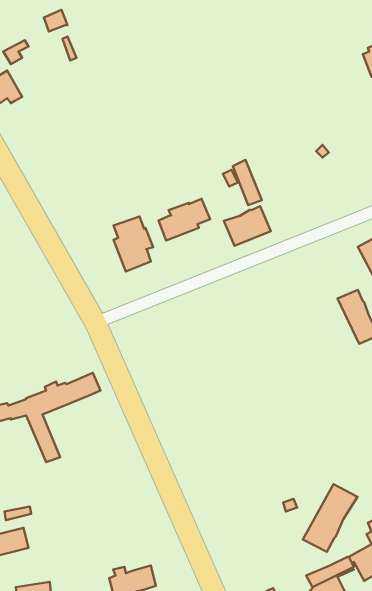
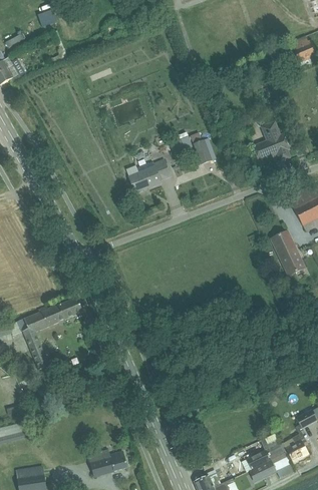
building: none -> [253,122,289,160]
building: [224,206,271,246] -> none
building: [114,217,153,271] -> none
building: [303,484,357,552] -> none

